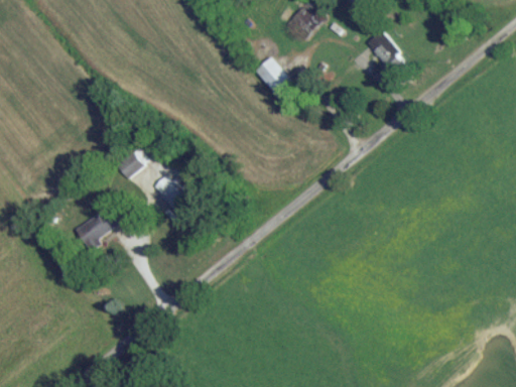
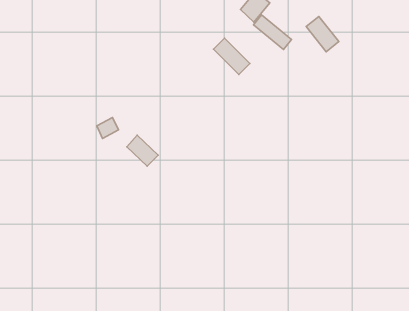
building: none -> [253,15,292,49]
building: [75,206,122,245] -> none

